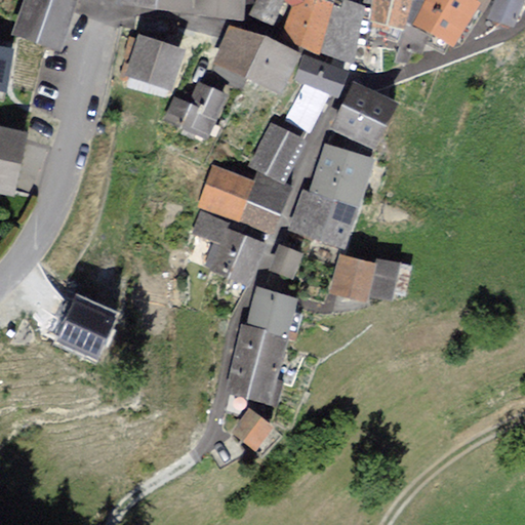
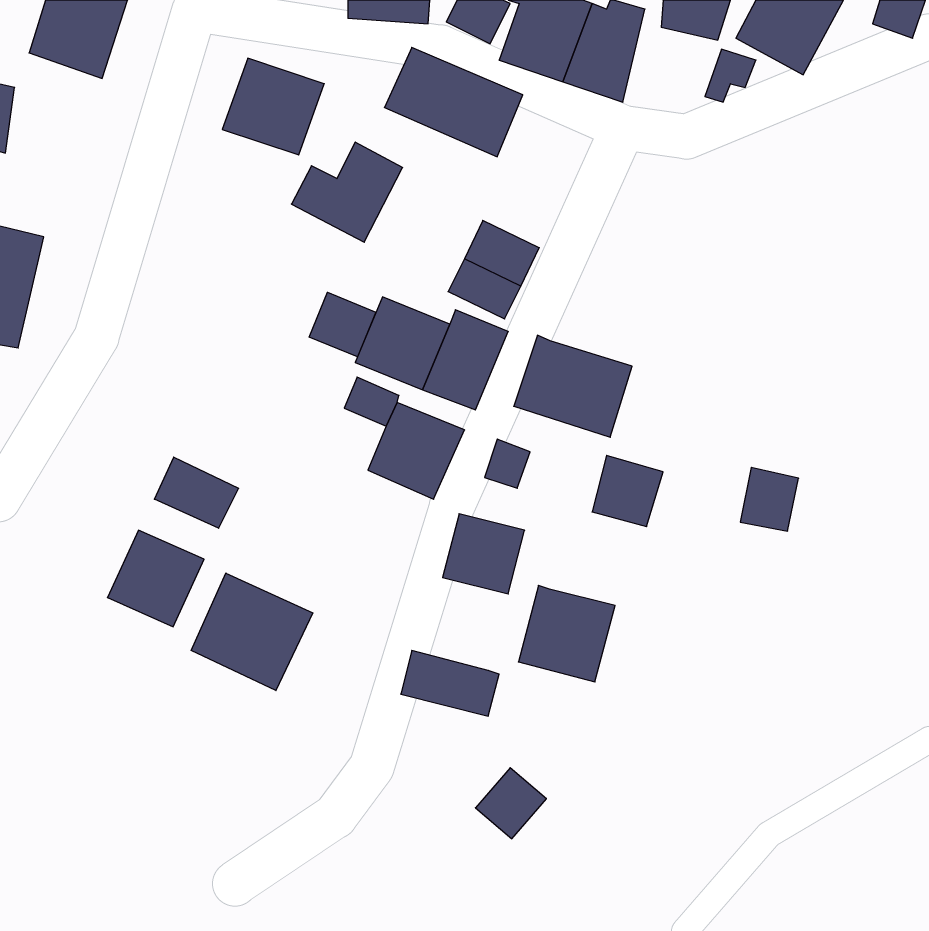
building: [284,54,341,131] -> none
building: [330,82,394,148] -> none
building: [310,143,372,206] -> none
building: none -> [309,292,376,357]
building: none -> [154,457,239,528]
building: [374,261,407,297] -> [740,467,799,531]
building: none -> [191,573,313,691]
building: [232,323,286,377] -> [518,585,615,682]
building: [231,409,271,449] -> [475,768,546,839]

